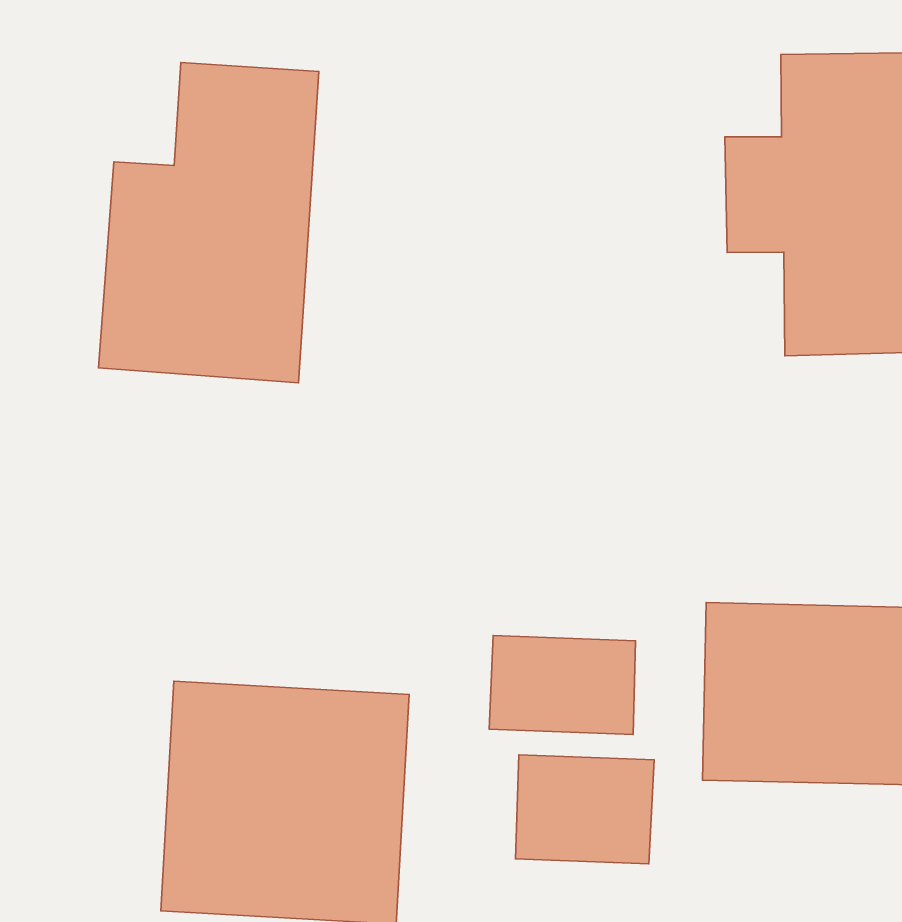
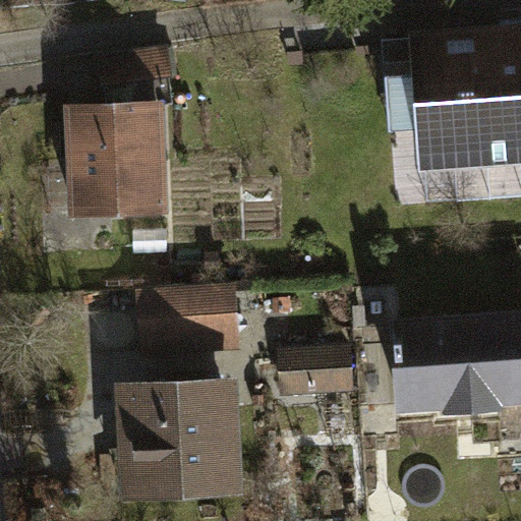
building: none -> [131,279,239,356]
building: [515,755,654,864] -> none

